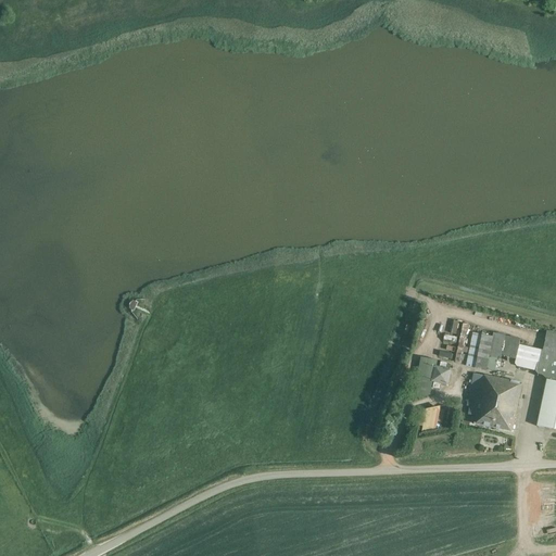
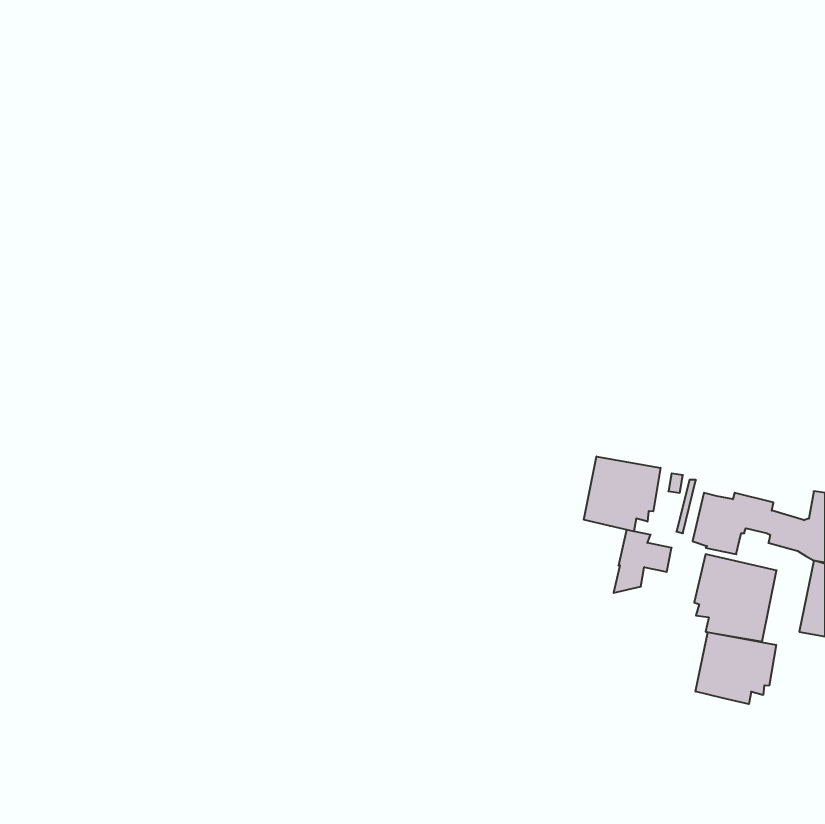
building: none -> [584,456,661,531]
building: none -> [696,632,776,704]

